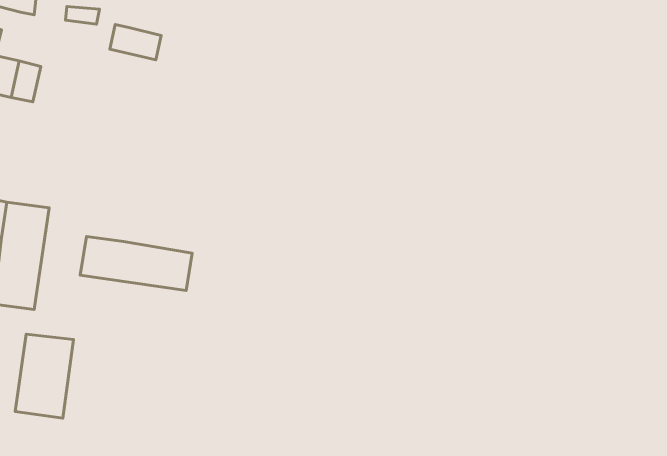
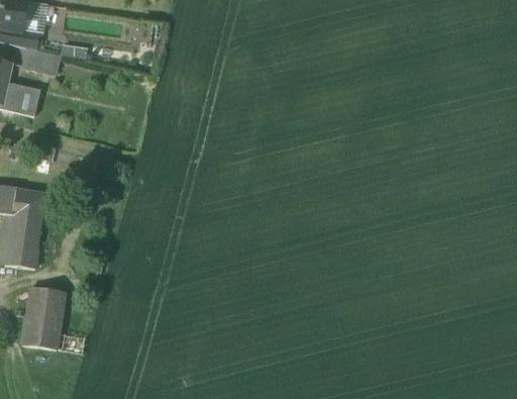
building: [110,25,161,60] -> [20,47,59,74]
building: [80,236,192,291] -> none

